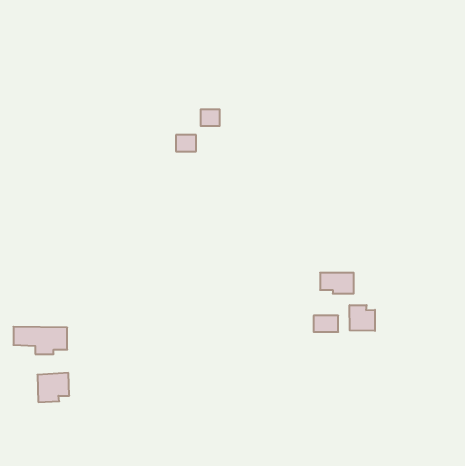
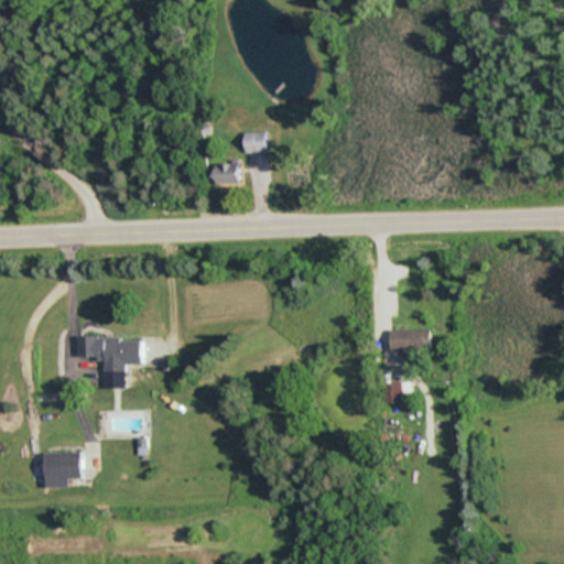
building: [350,305,375,331] -> none
building: [13,327,67,354] -> [76,336,141,369]

